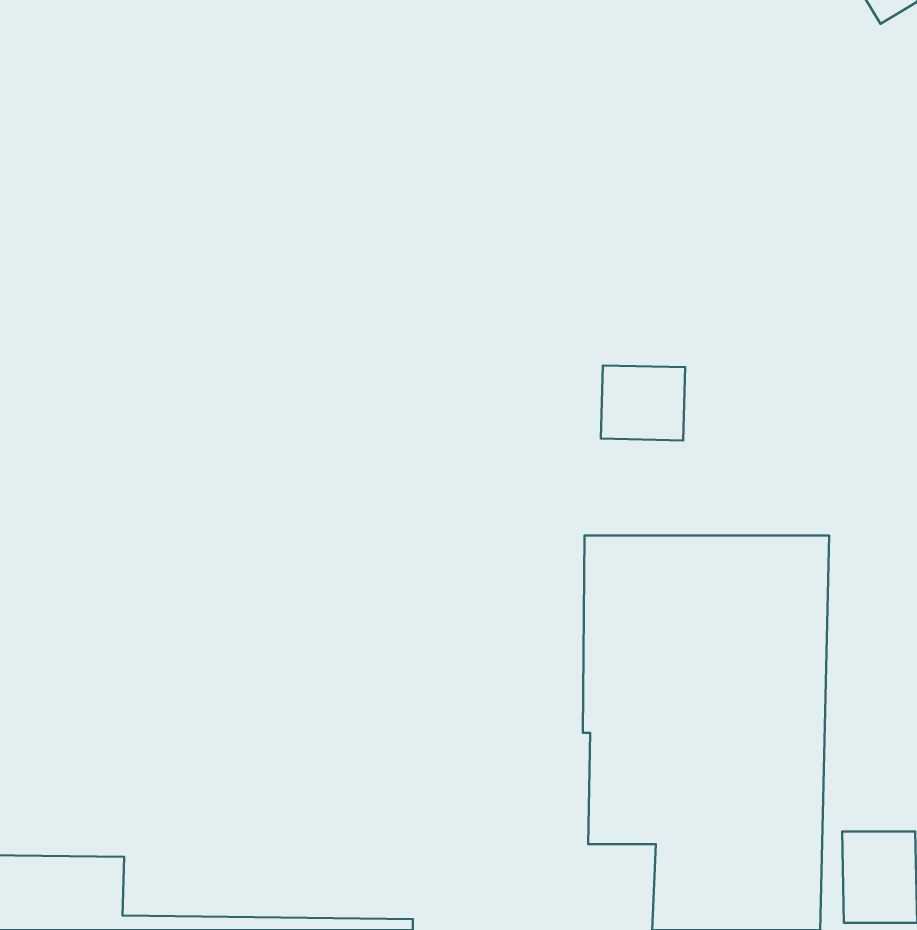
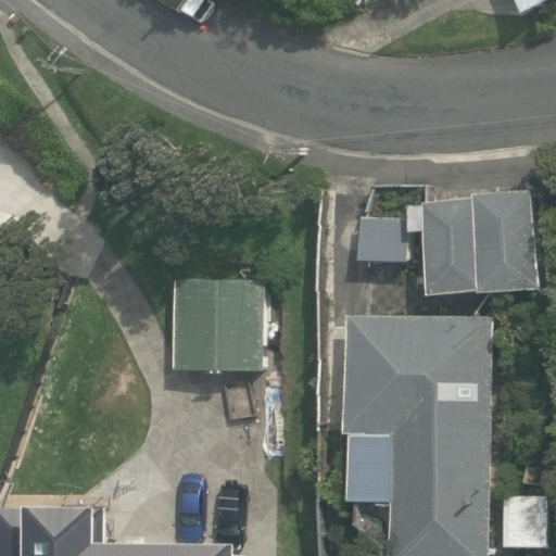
building: none -> [424,189,538,298]
building: none -> [170,279,261,371]

